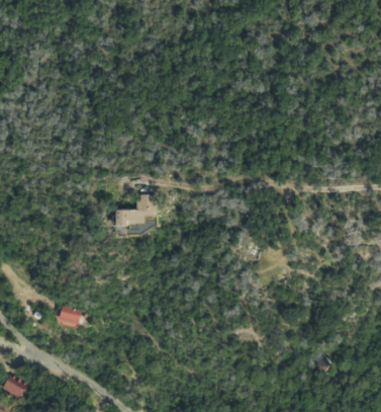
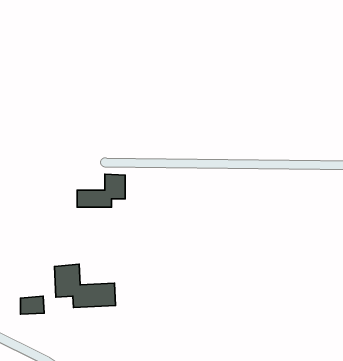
building: none -> [54,264,115,307]

